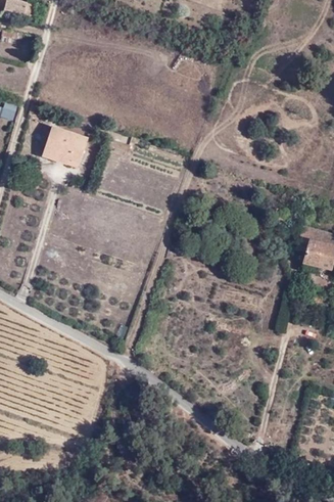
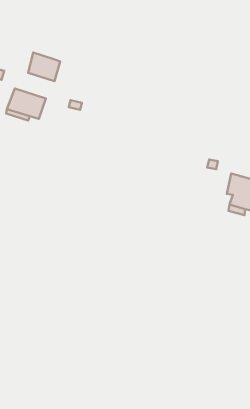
building: none -> [28,53,60,81]

